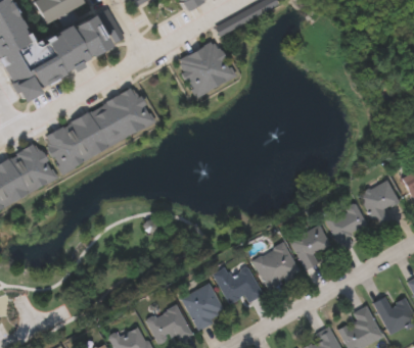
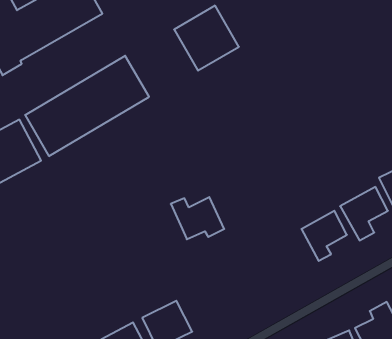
building: [255,243,301,288] -> none
building: [216,266,264,304] -> [171,197,224,239]
building: [183,283,227,329] -> none

